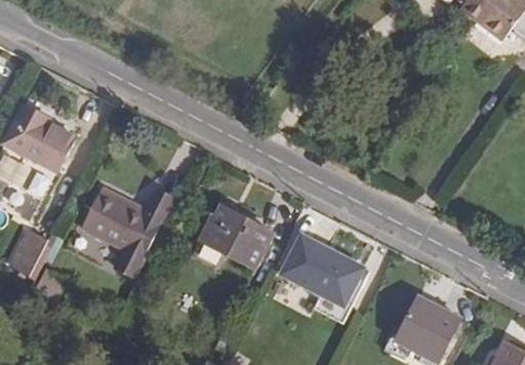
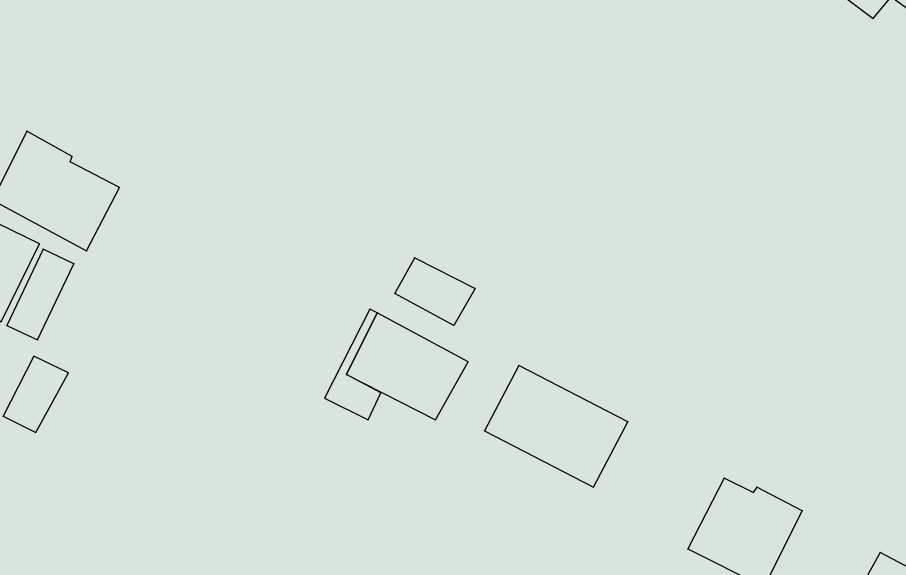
building: none -> [395,258,475,325]
building: [80,190,173,277] -> none

